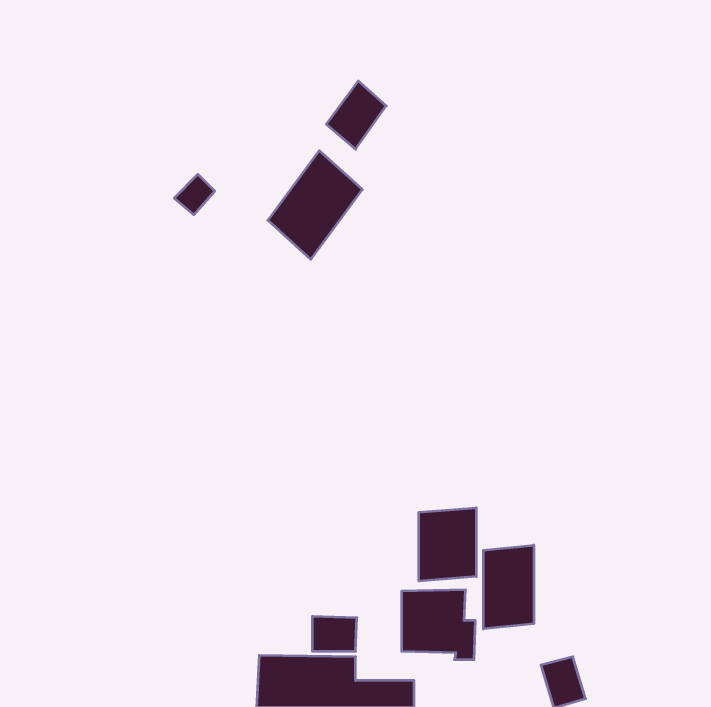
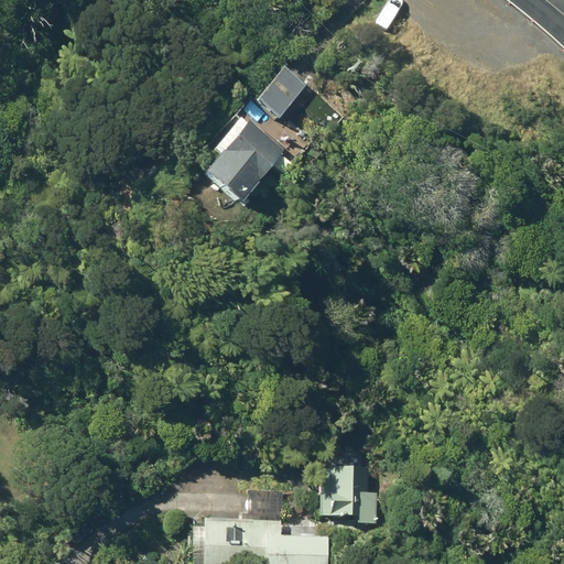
building: [419,508,476,581] -> none
building: [483,545,534,629] -> none

